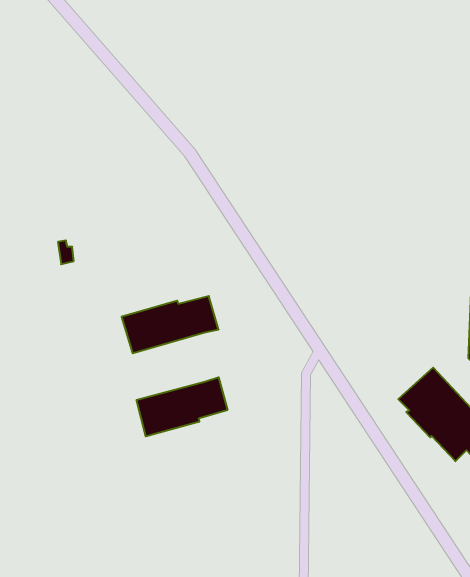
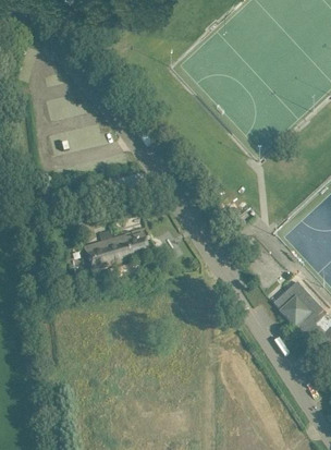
building: [137,377,227,436] -> none

